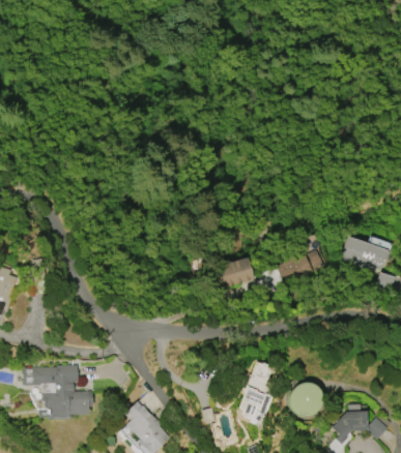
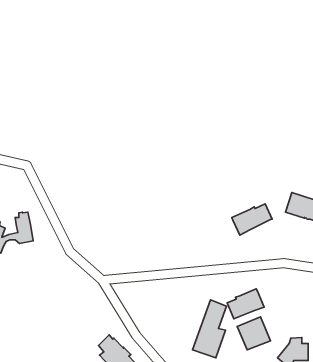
building: [206,258,256,292] -> none
building: none -> [227,289,264,319]
building: [22,364,92,420] -> none

